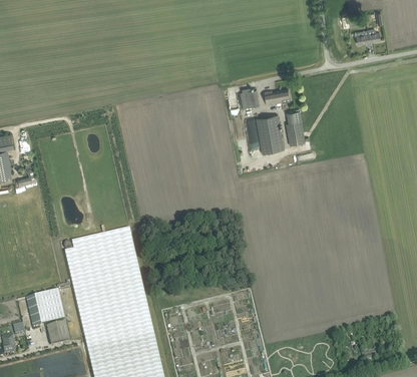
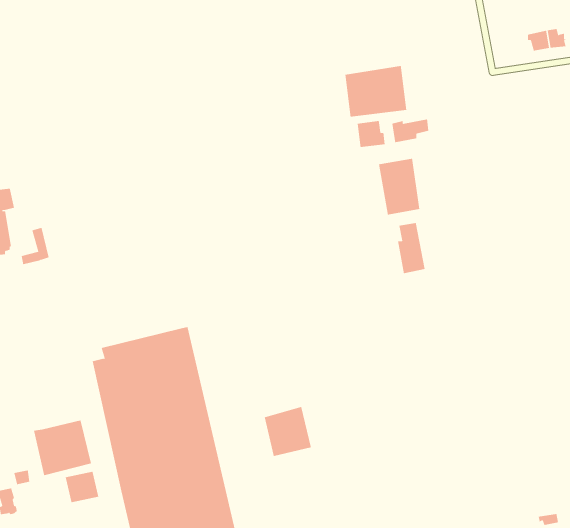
building: none -> [345,65,407,118]
building: [287,110,306,144] -> [397,223,426,274]
building: none -> [264,406,311,457]

